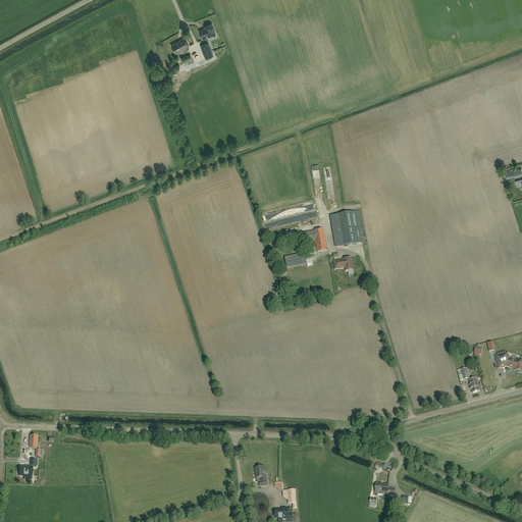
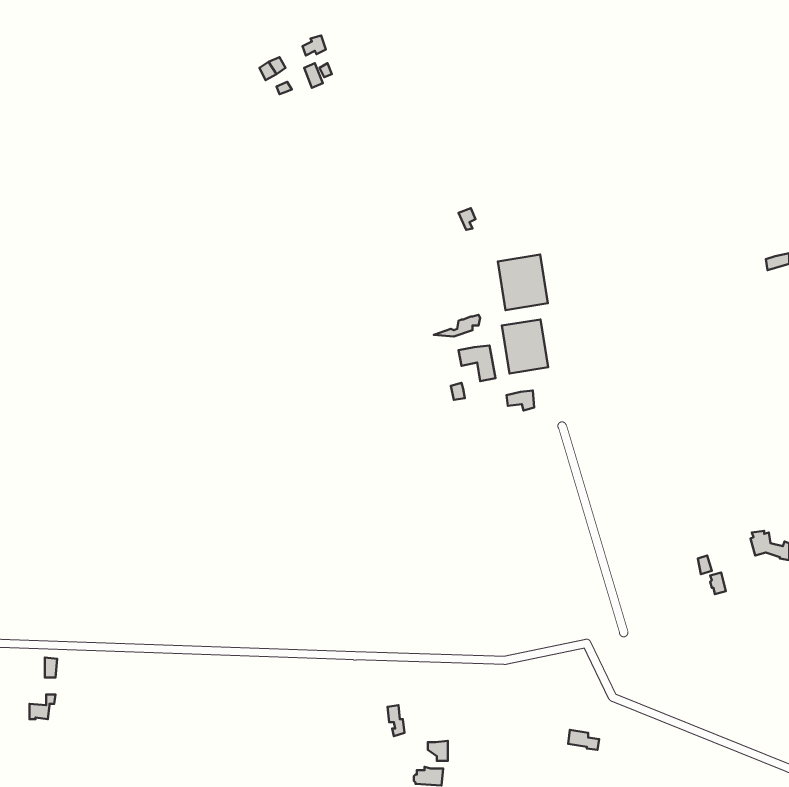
building: none -> [498,255,548,310]

